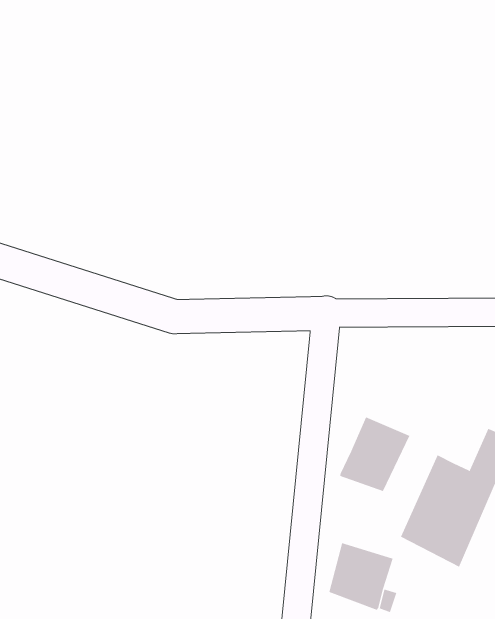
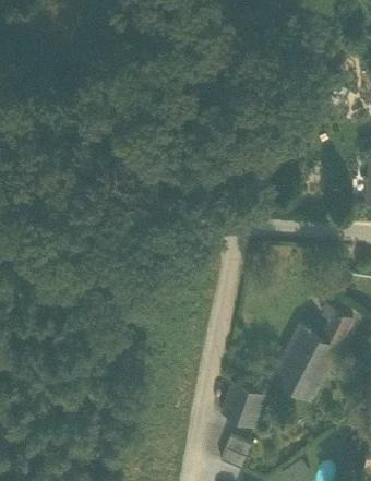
building: [340,416,410,492] -> none

